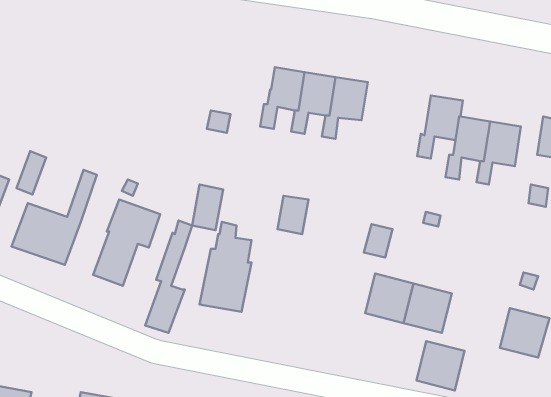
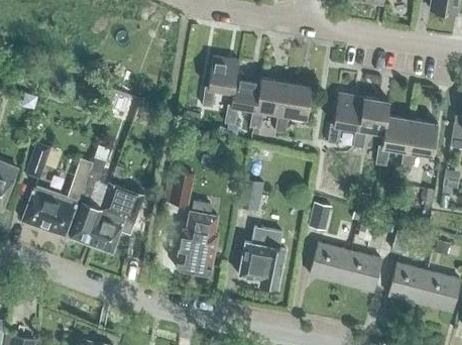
building: none -> [202,56,238,107]
building: none -> [327,93,363,145]
building: [145,220,192,333] -> [69,152,107,244]
building: none -> [238,227,284,288]
building: [416,341,465,391] -> [388,263,428,304]

